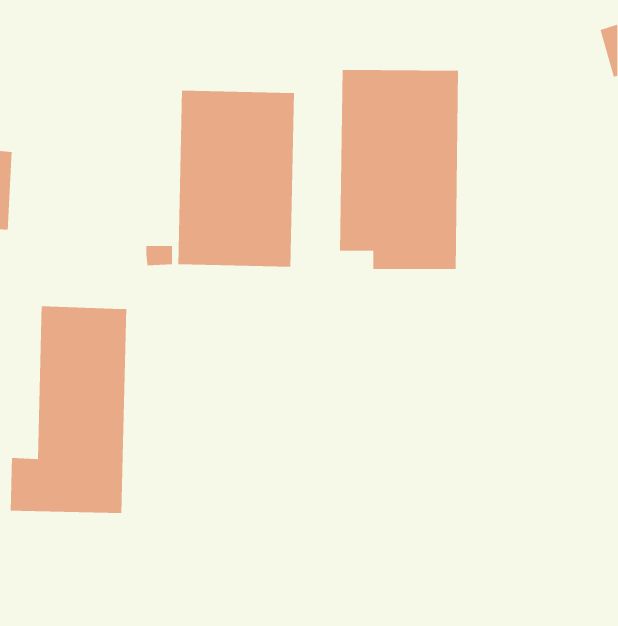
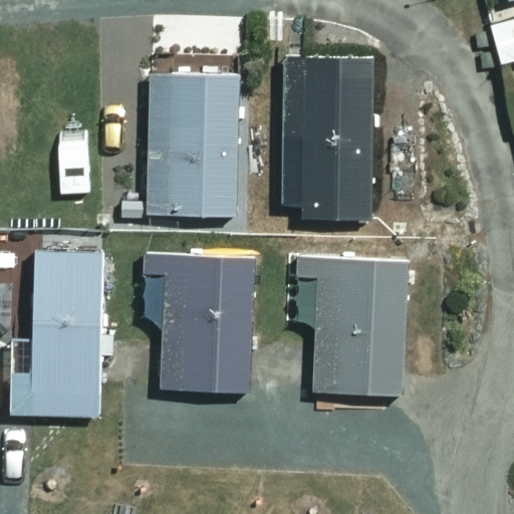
building: none -> [141,254,255,394]
building: none -> [294,257,410,397]

